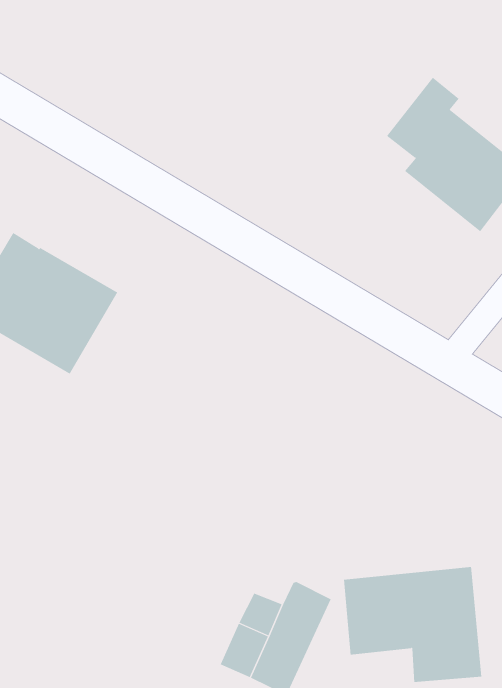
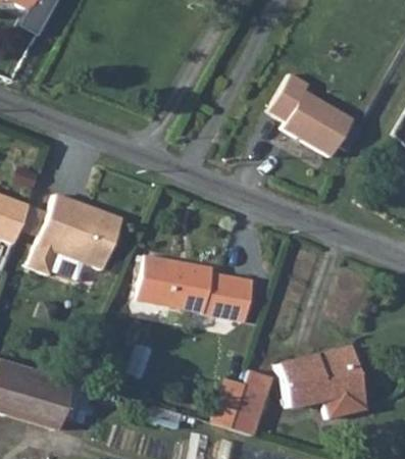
building: none -> [139,255,256,322]

